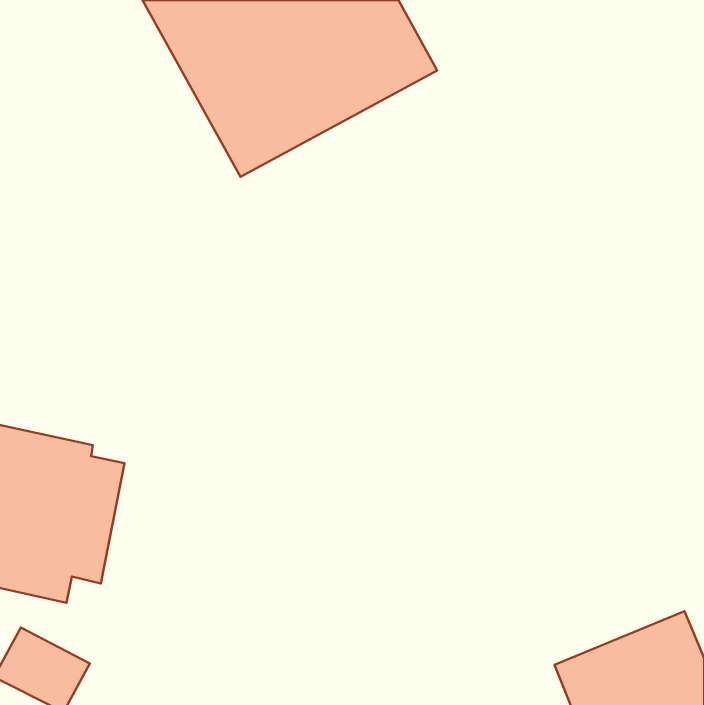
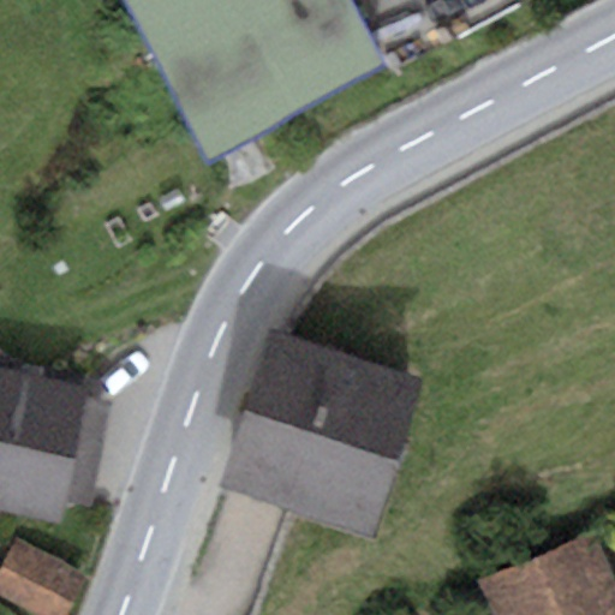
building: none -> [225,334,418,533]

